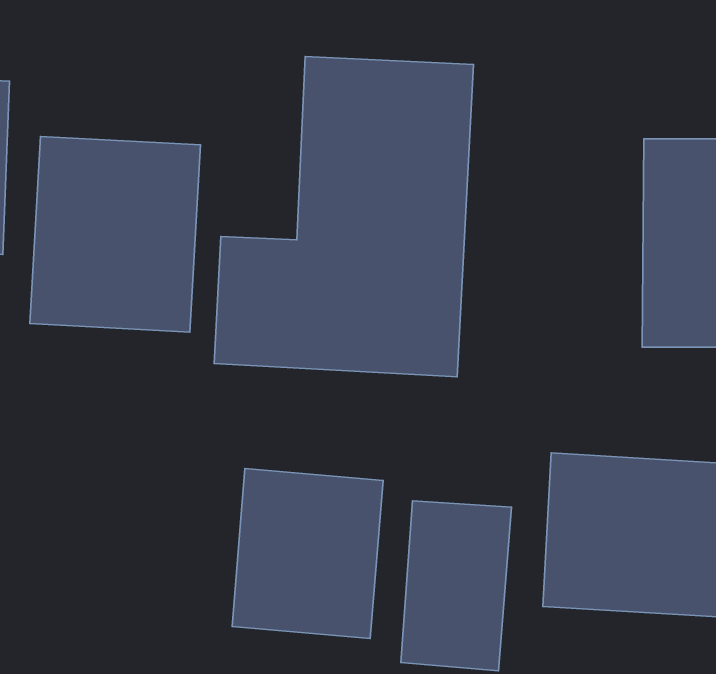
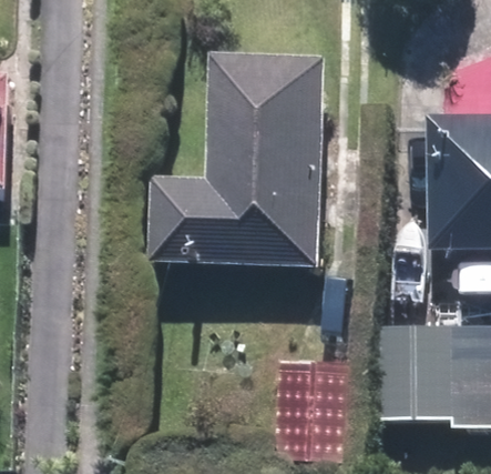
building: [30,136,200,332] -> none
building: [232,468,383,639] -> none

